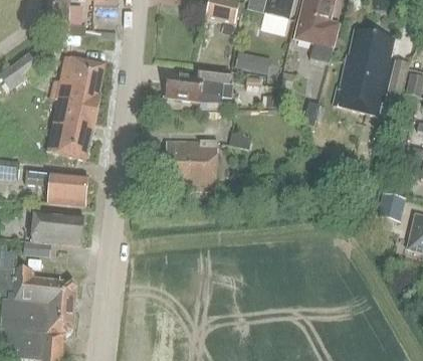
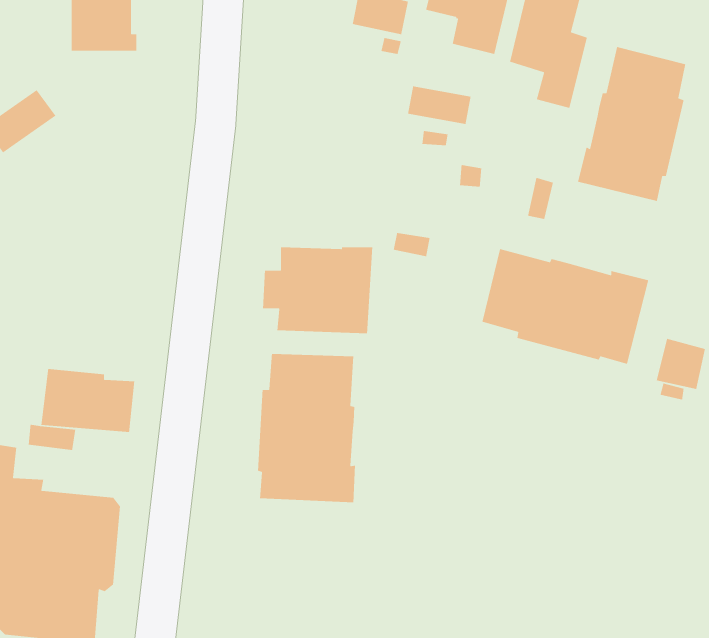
building: [47,56,104,159] -> none
building: [165,66,229,101] -> none
building: none -> [482,248,649,365]
building: [25,169,88,205] -> none
building: none -> [257,353,356,503]

